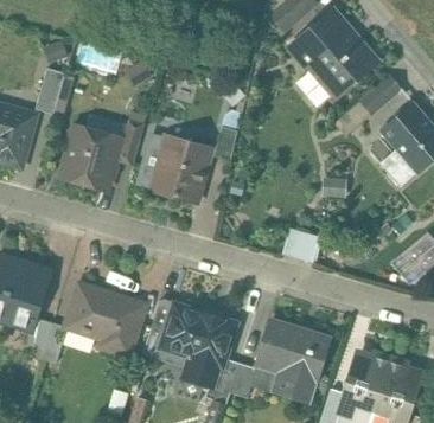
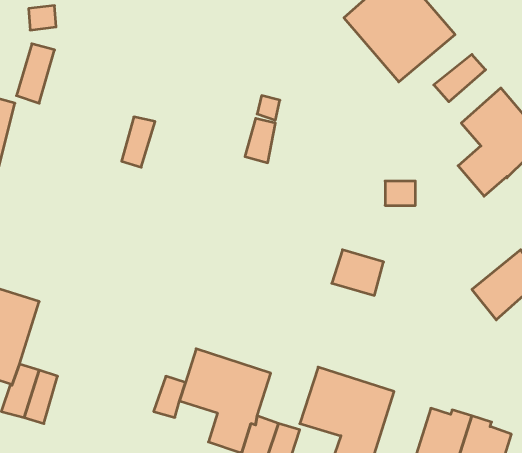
building: [63,126,119,188] -> none
building: [151,136,212,201] -> none
building: [68,284,143,353] -> none

